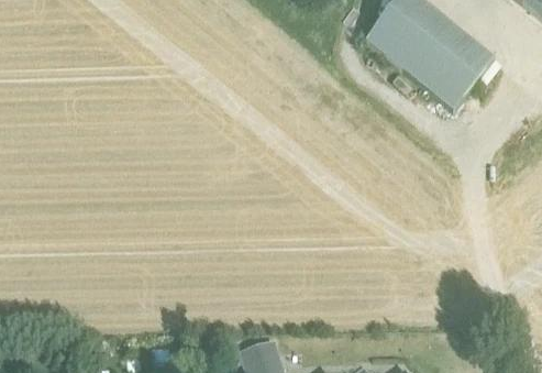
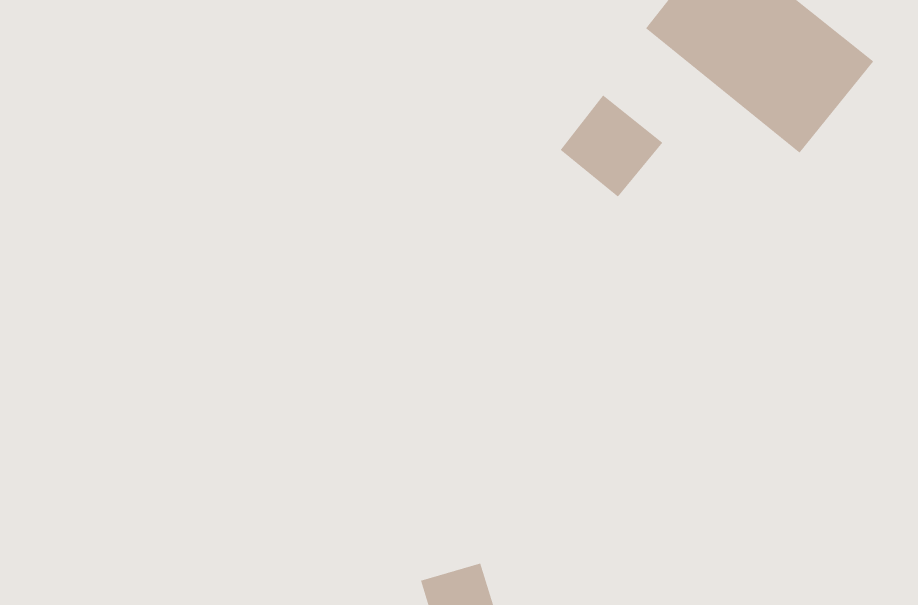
building: none -> [560,95,663,198]

